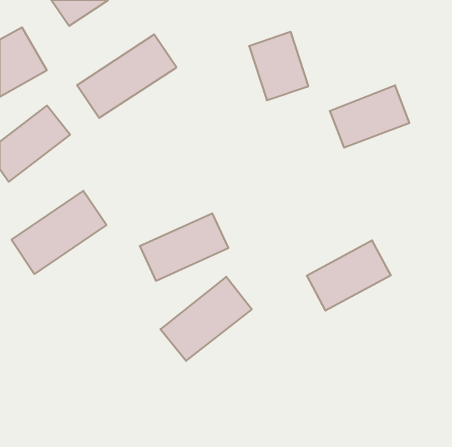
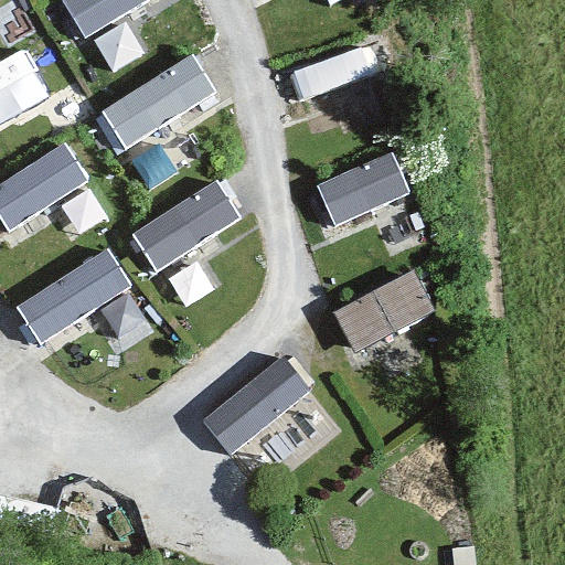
building: [330,85,409,148] -> [316,150,415,227]
building: [140,213,228,281] -> [130,183,241,267]
building: [307,240,391,311] -> [333,268,438,355]

